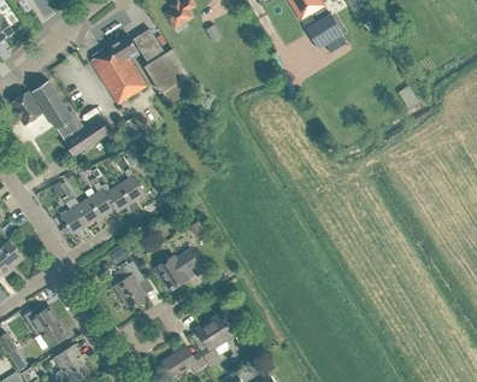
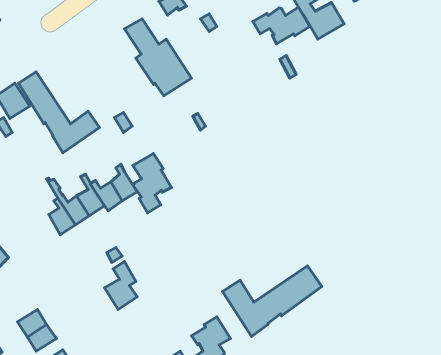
building: none -> [253,7,310,44]
building: [89,34,146,104] -> none
building: none -> [133,153,171,213]
building: [155,248,200,289] -> none
building: none -> [222,266,322,336]

